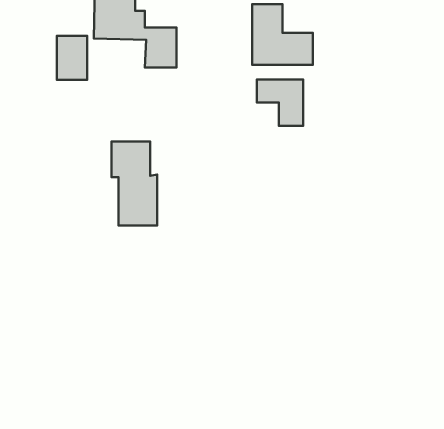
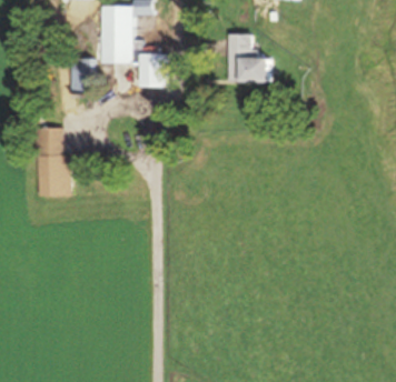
building: [257,80,303,126] -> none
building: [112,141,157,226] -> [32,127,69,194]

